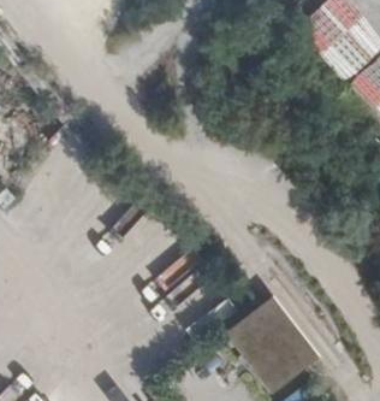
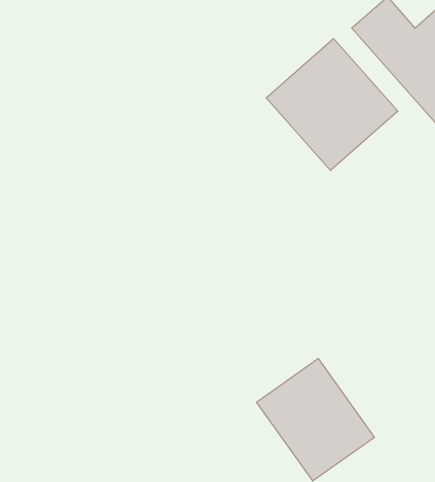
building: none -> [266,39,398,171]

